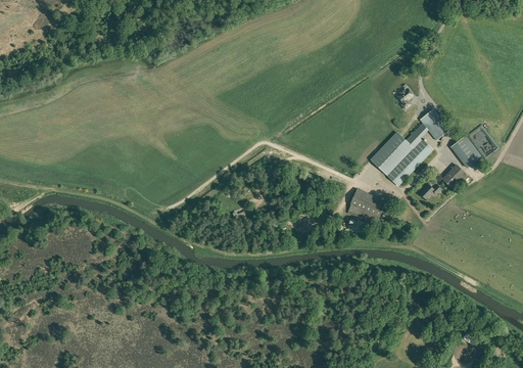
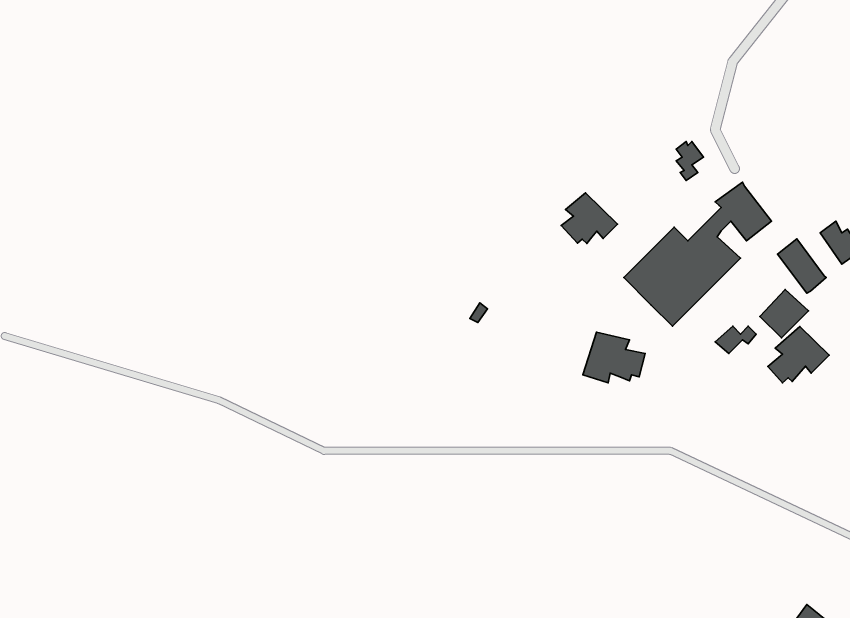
building: none -> [561,193,618,243]
building: none -> [768,326,829,383]

